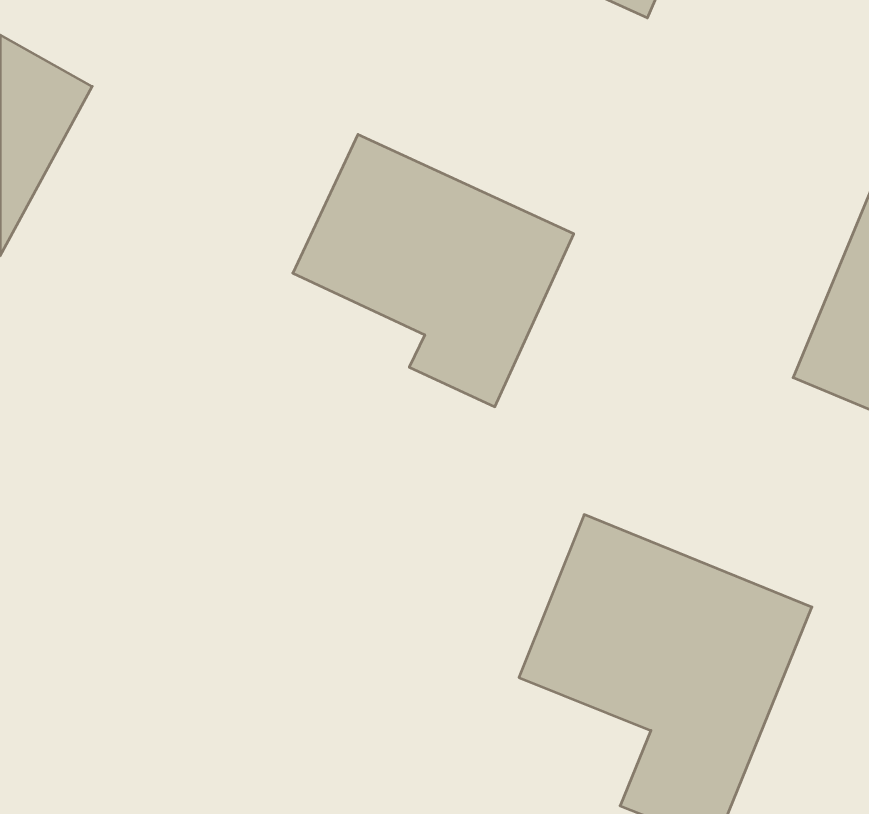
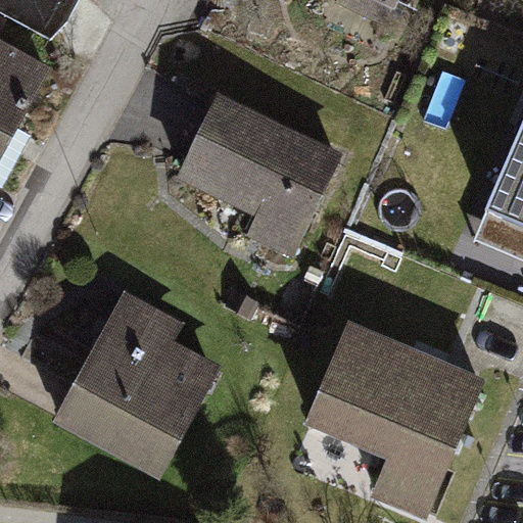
building: none -> [54,290,219,479]

